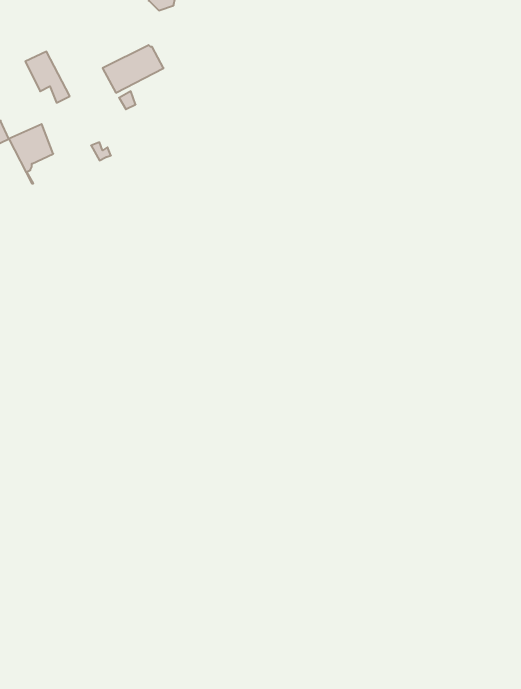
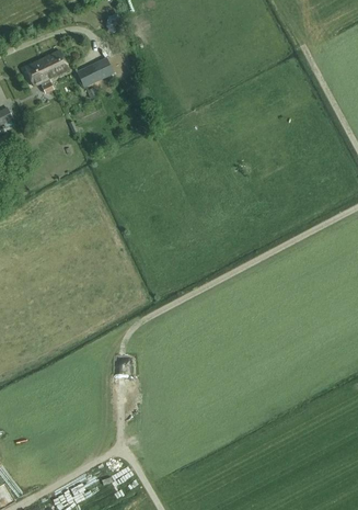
building: [9,124,53,183] -> [36,50,66,90]

